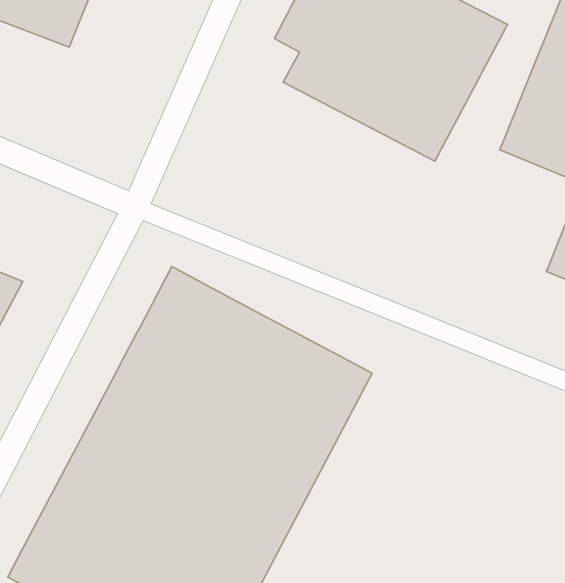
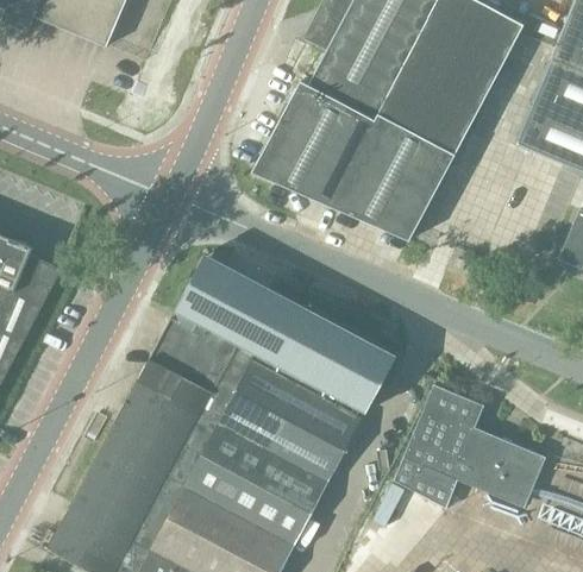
building: none -> [251,80,455,240]
building: none -> [393,384,545,508]

